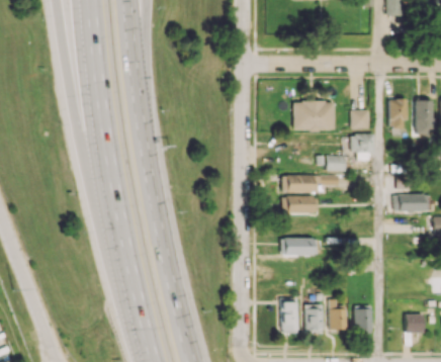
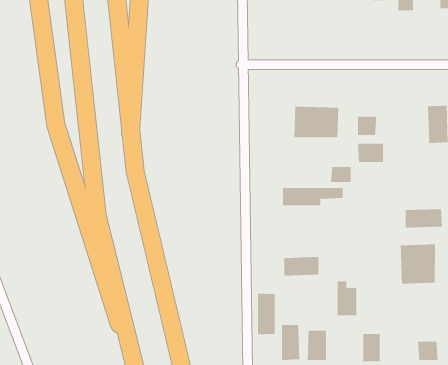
building: [388,99,405,129] -> none
building: [284,195,318,213] -> none
building: none -> [400,243,436,285]
building: none -> [257,293,275,335]
building: [328,299,346,332] -> [337,280,357,316]

